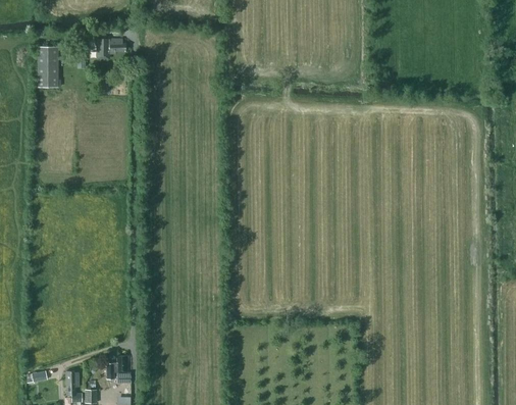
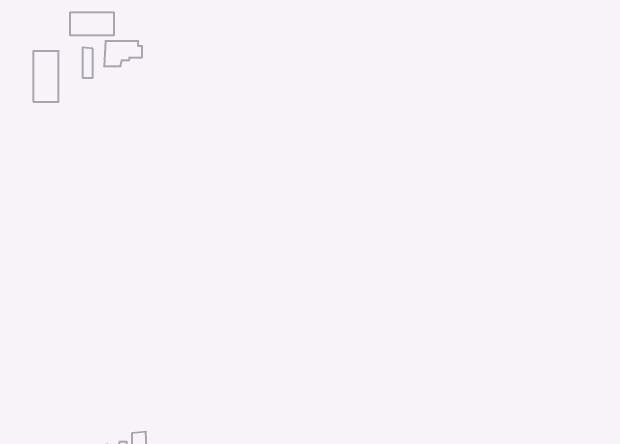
building: none -> [70,12,114,35]

